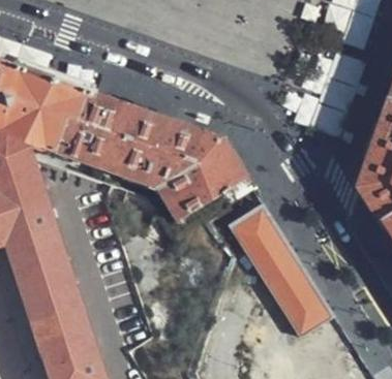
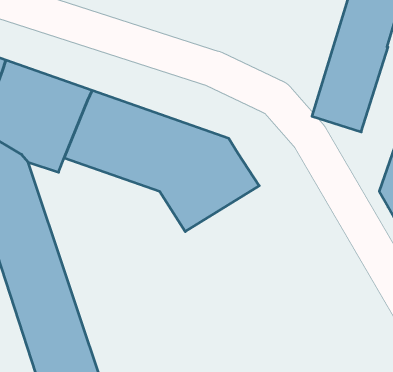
building: [227,207,332,337] -> none

